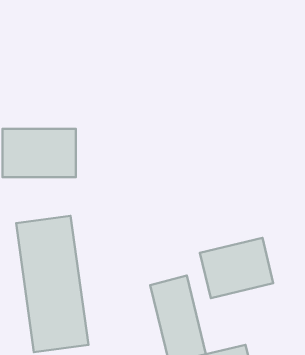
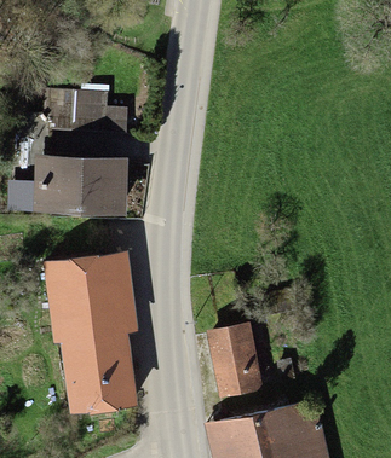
building: none -> [48,94,122,132]
building: [200,238,273,298] -> none

